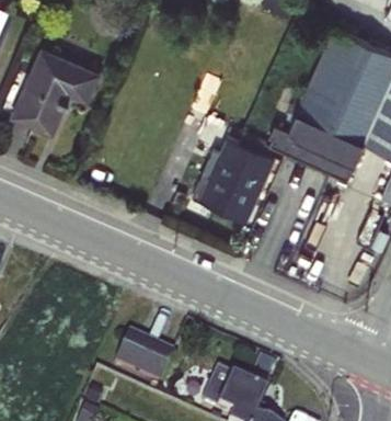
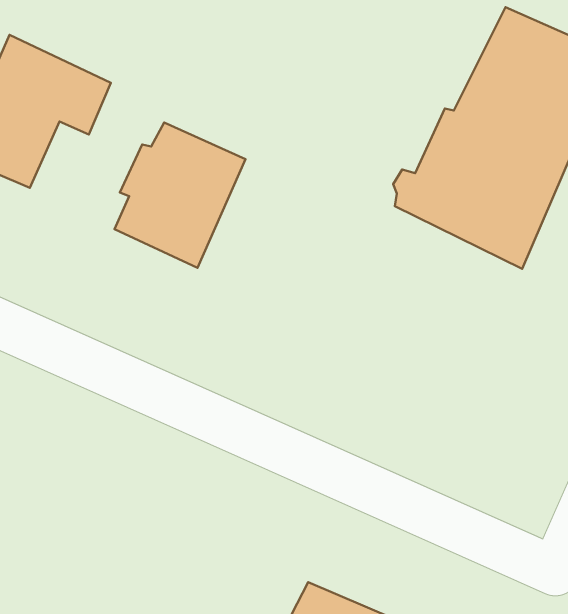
building: [198,137,276,224] -> [114,122,245,268]
building: [118,329,179,382] -> none

